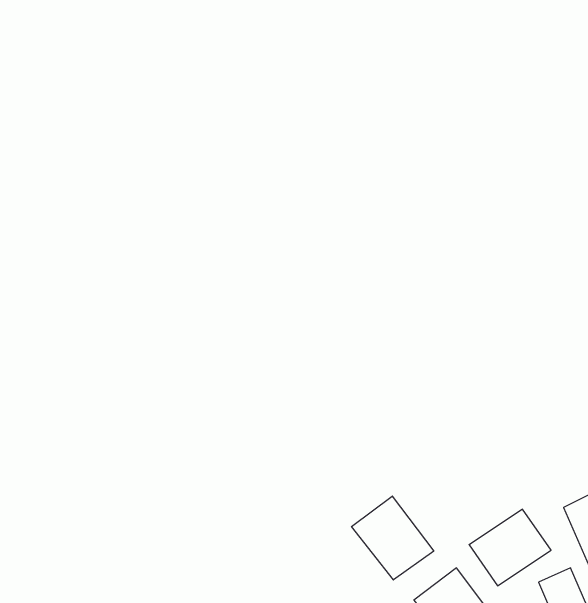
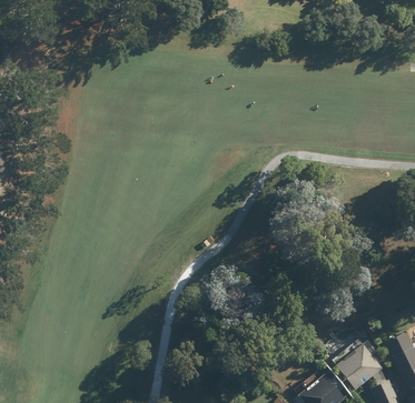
building: [352,496,434,580] -> none

